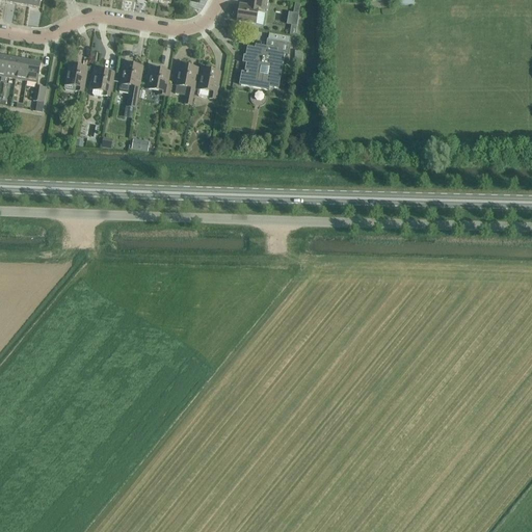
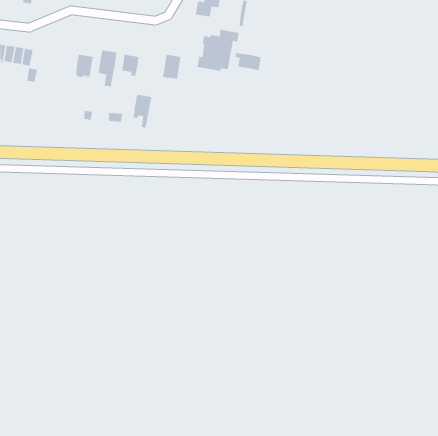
building: [63,61,86,88] -> none
building: [174,61,197,103] -> [132,94,152,129]
building: none -> [235,52,261,71]

